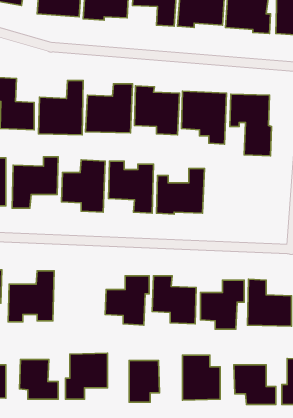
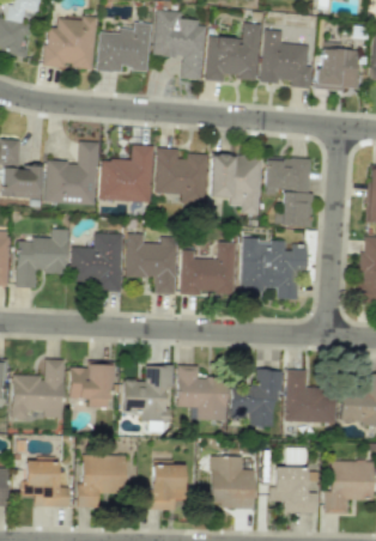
building: none -> [242,239,308,298]
building: none -> [71,365,113,407]

